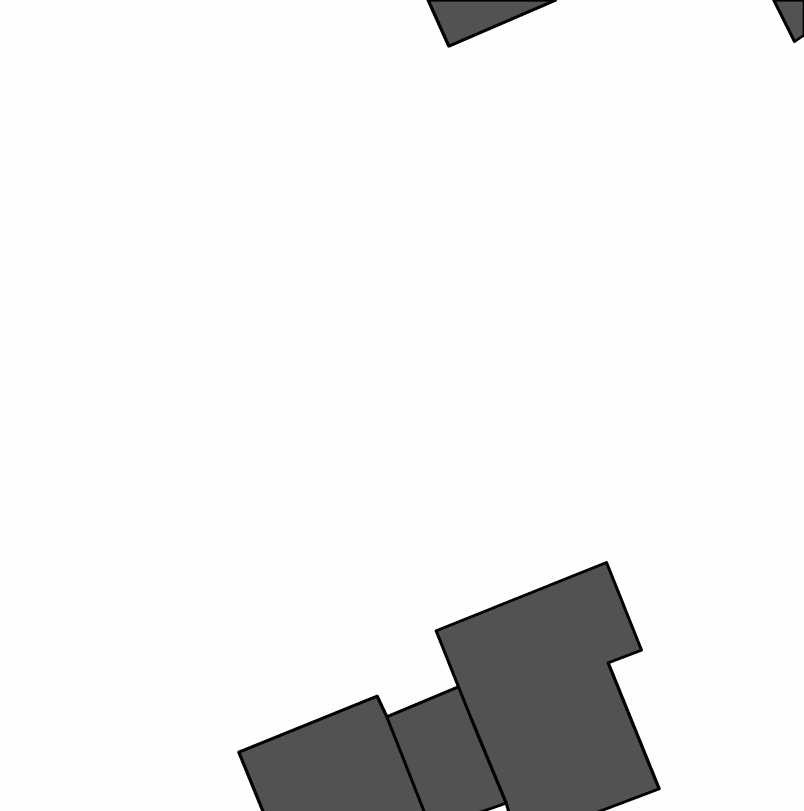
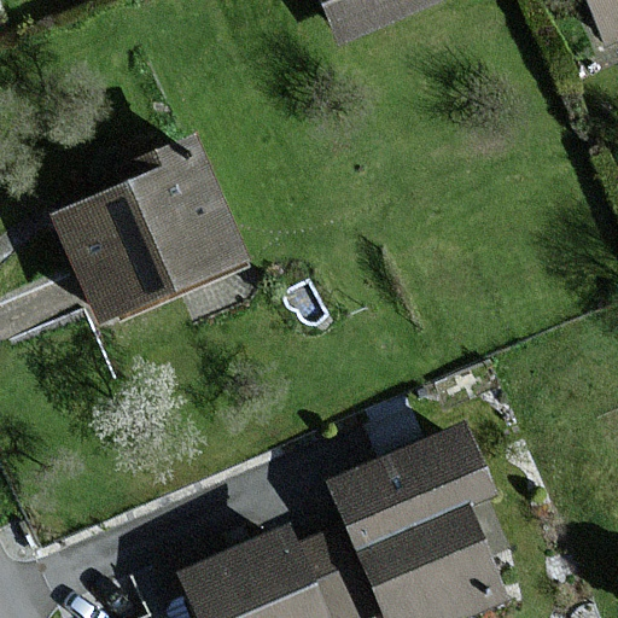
building: none -> [58,138,244,316]

